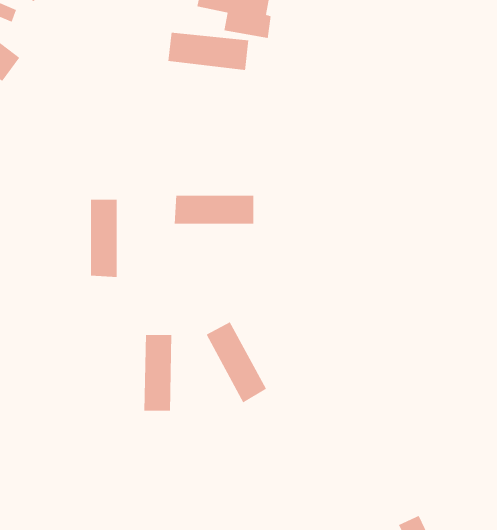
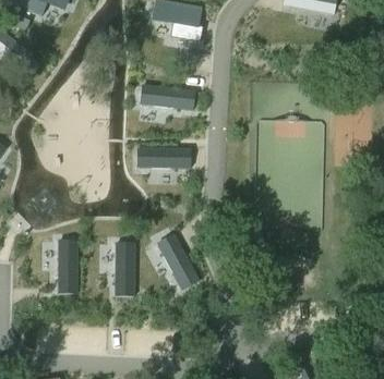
building: [167,32,249,71] -> [139,84,194,110]
building: [90,199,118,277] -> [58,240,76,293]

